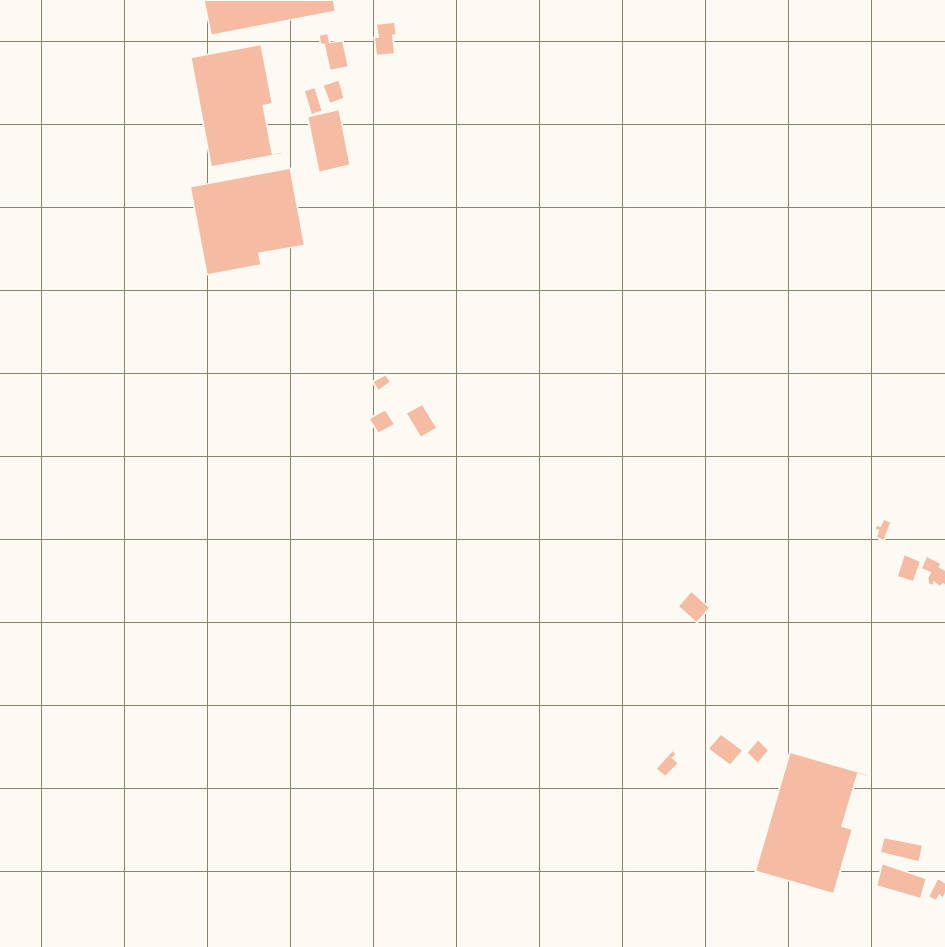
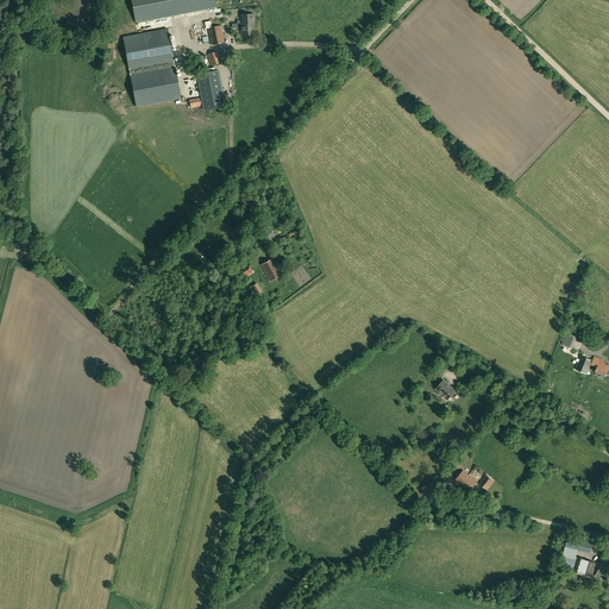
building: [190,168,307,275] -> none
building: [755,752,868,894] -> none

